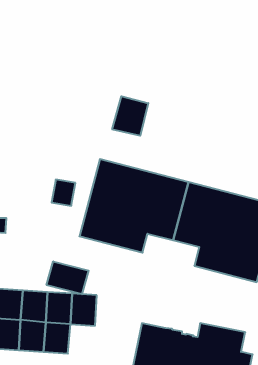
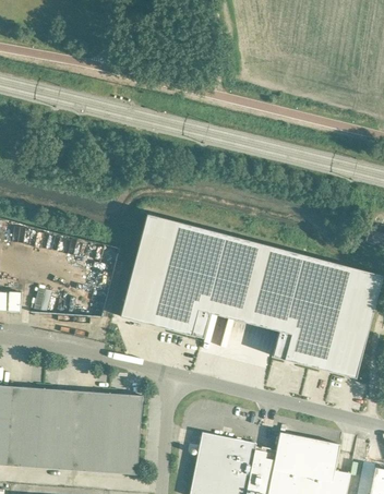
building: [112,96,148,136] -> none
building: [47,261,89,294] -> none
building: none -> [104,433,140,474]

